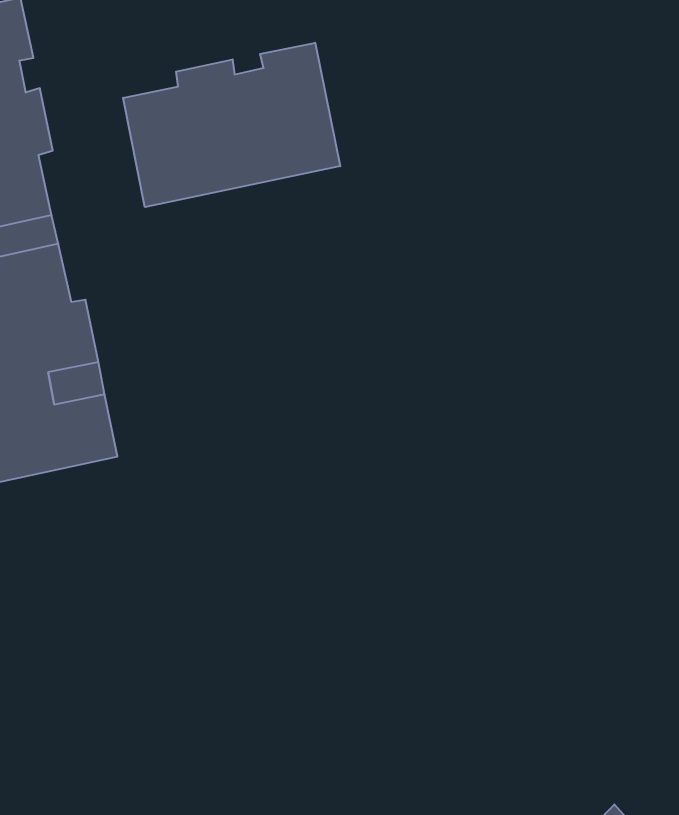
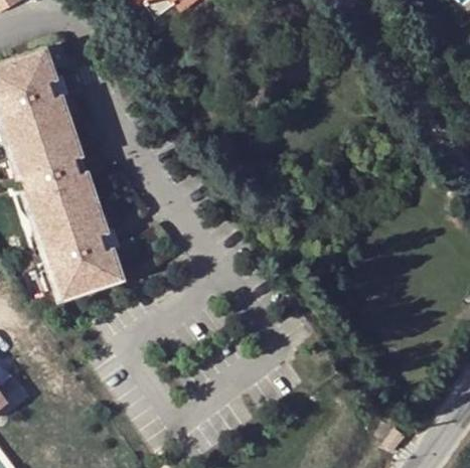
building: [123,43,340,207] -> none

